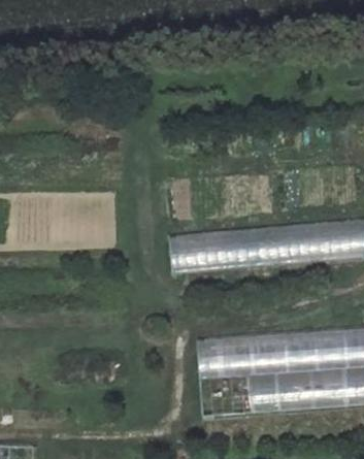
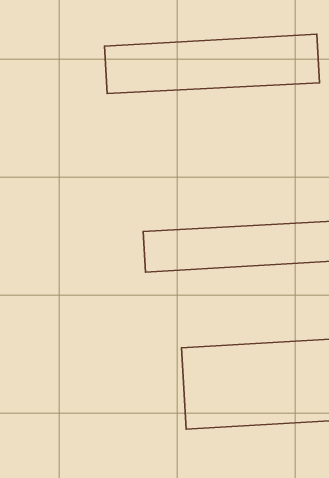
building: none -> [104,34,319,93]

